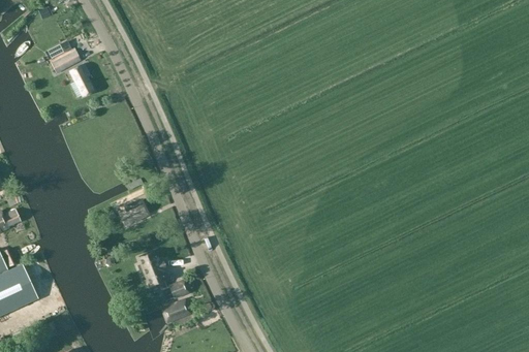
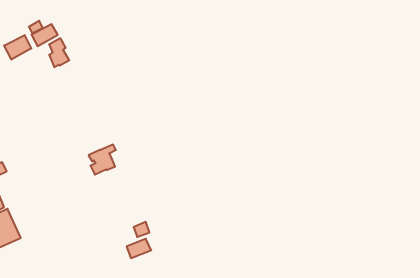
building: none -> [4,35,31,60]
building: [137,252,167,290] -> none

